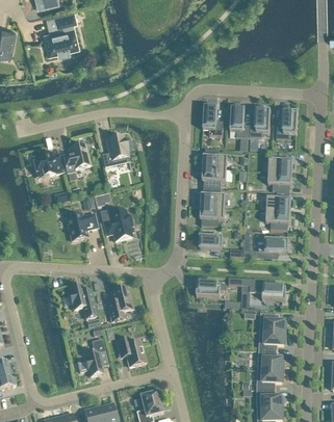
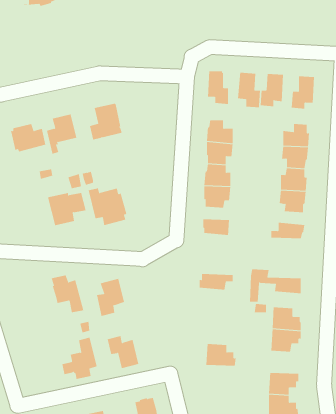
building: [258,350,285,370] -> [206,344,237,366]

